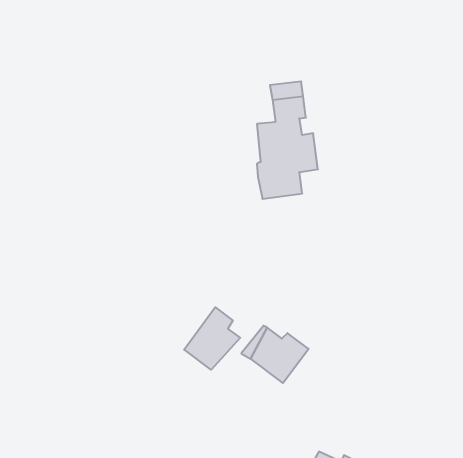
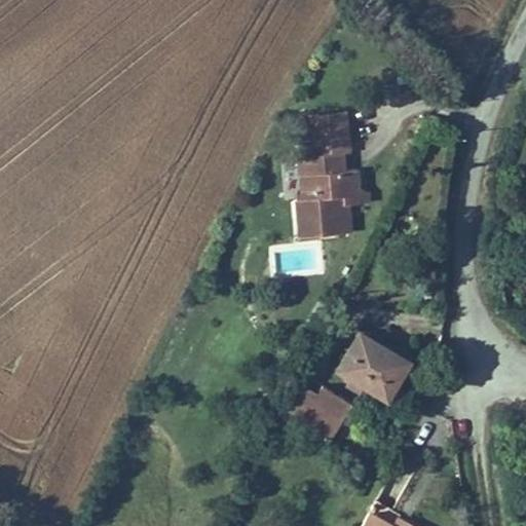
building: none -> [343,332,412,398]
building: [184,307,240,370] -> none

